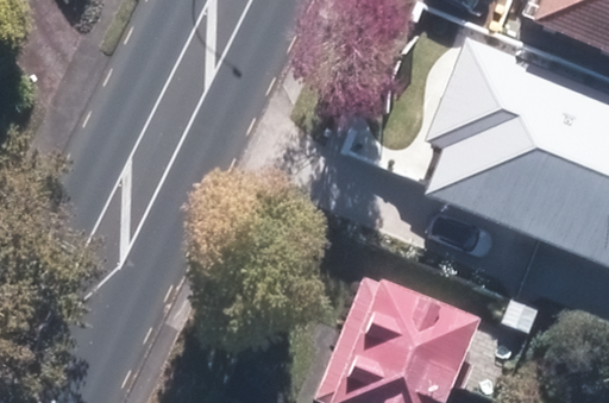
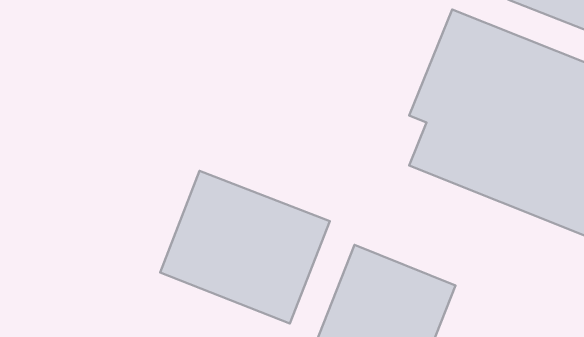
building: none -> [160,171,330,324]

